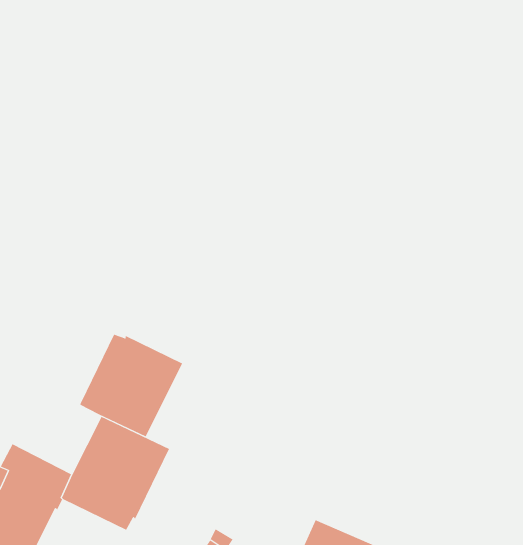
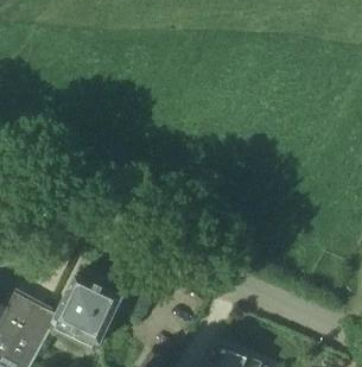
building: [80,334,183,437] -> none

